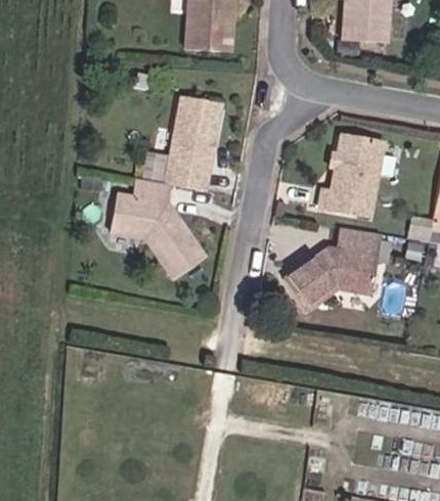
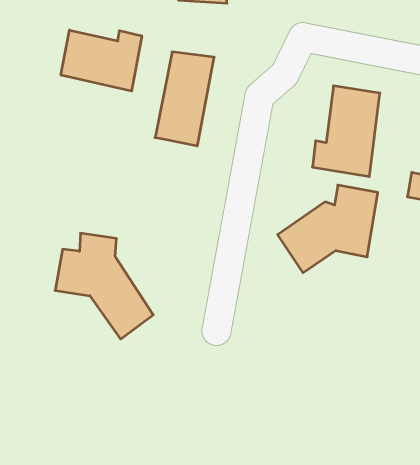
building: none -> [61,30,142,91]
building: [112,177,207,279] -> [55,233,153,339]

